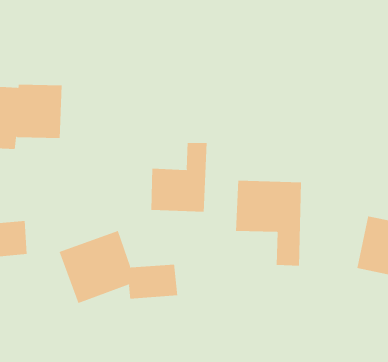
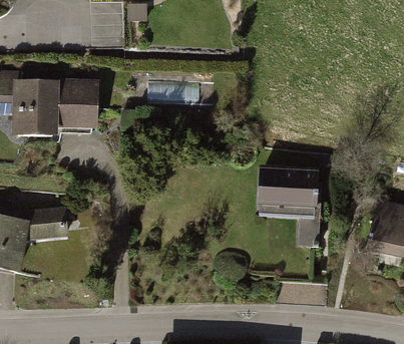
building: [151,142,207,212] -> none
building: [59,230,178,304] -> none

